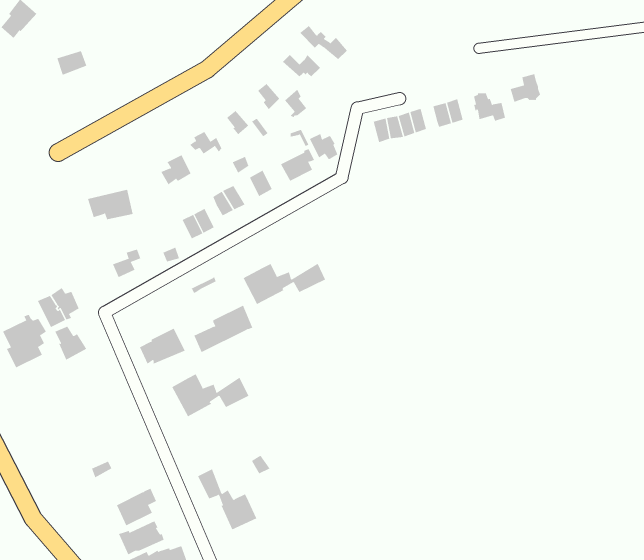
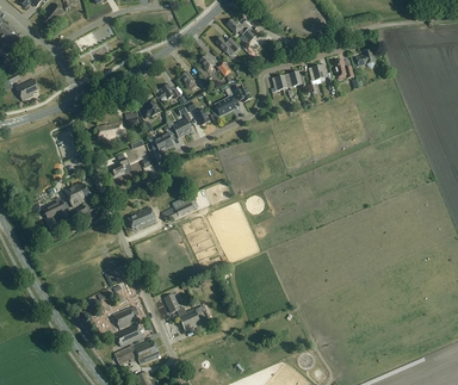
building: [243,263,326,305] -> none
building: [172,373,249,417] -> none

